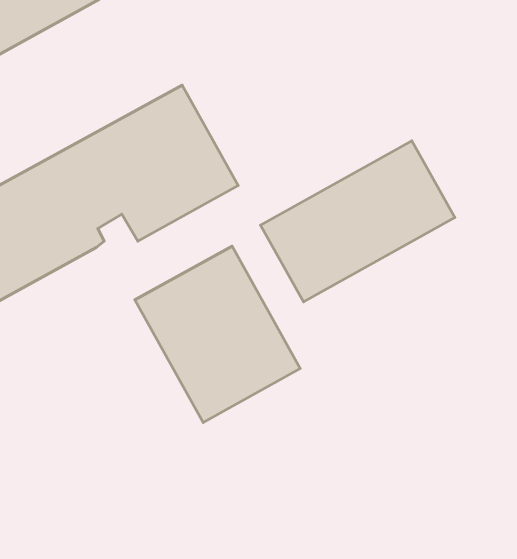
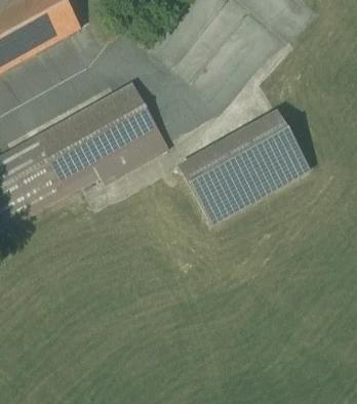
building: [135,246,300,422] -> none

